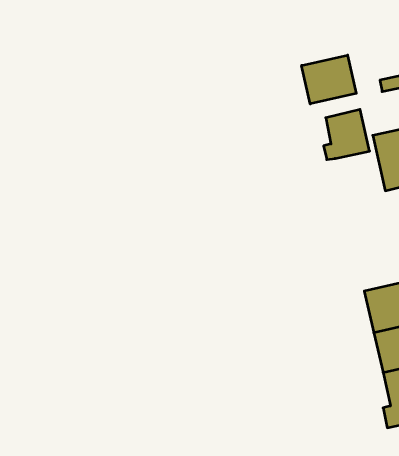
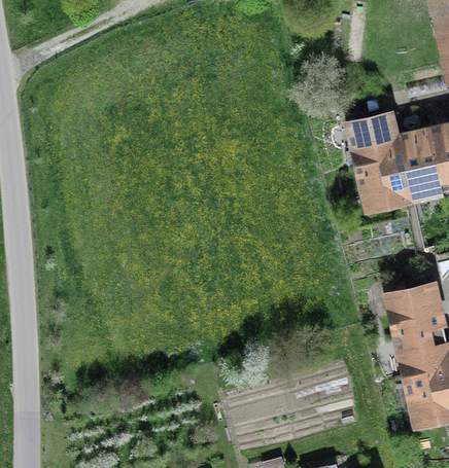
building: [302,55,356,104] -> none
building: none -> [362,154,406,210]

